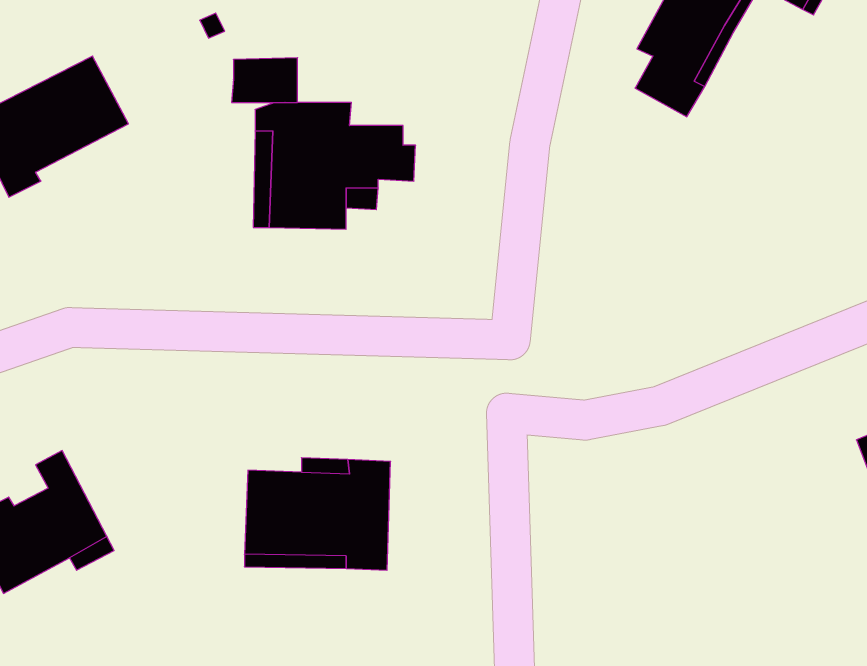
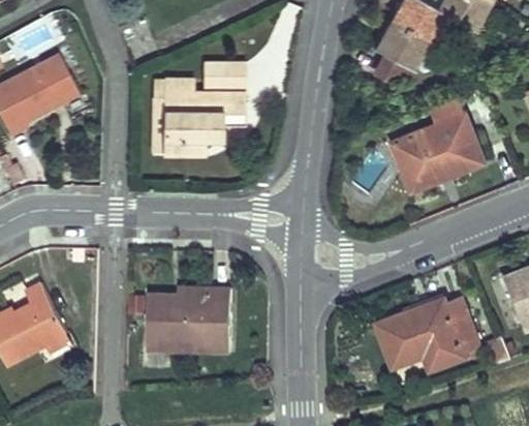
building: [232,58,298,102] -> [208,68,246,94]
building: none -> [392,115,484,190]
building: none -> [376,298,478,370]

